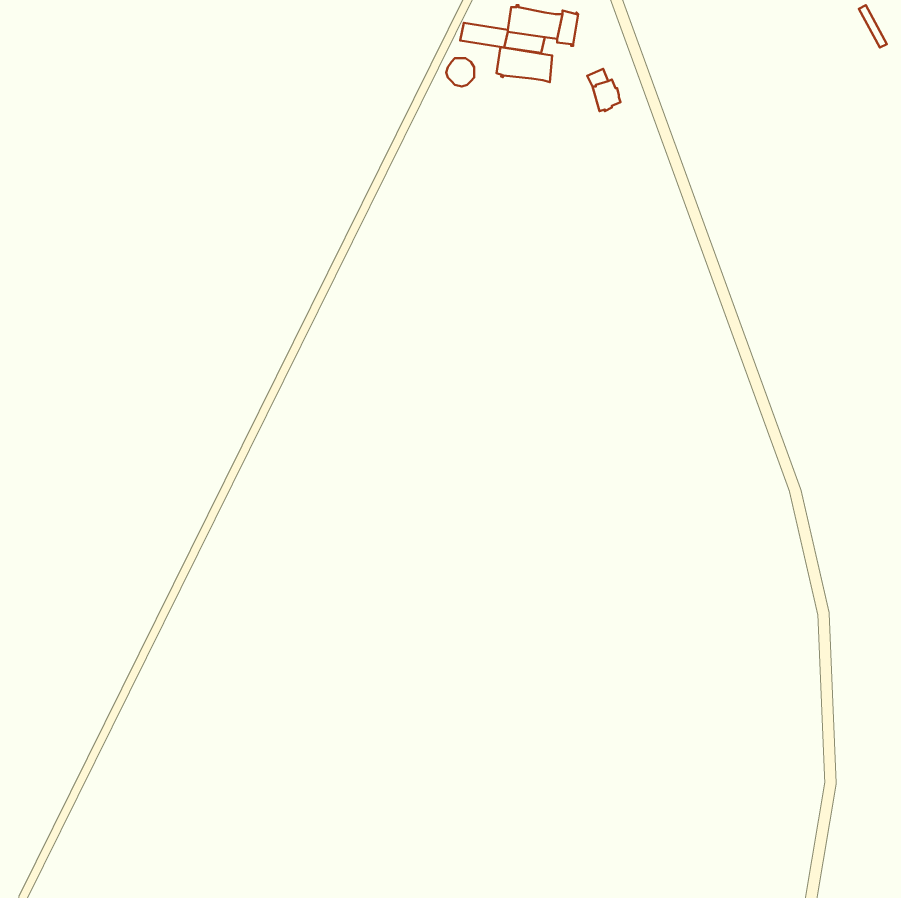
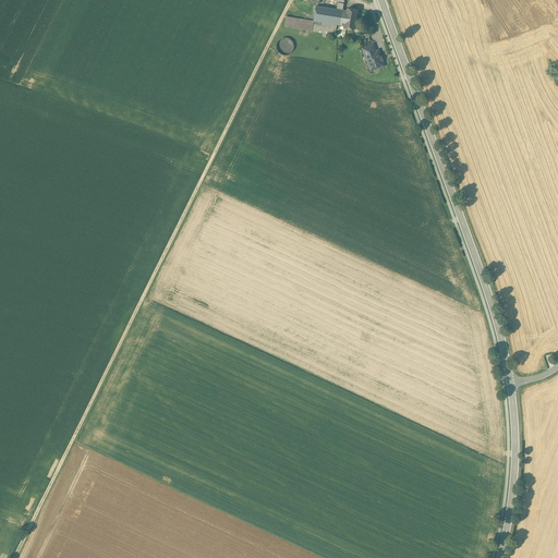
building: [496,47,552,82] -> none

